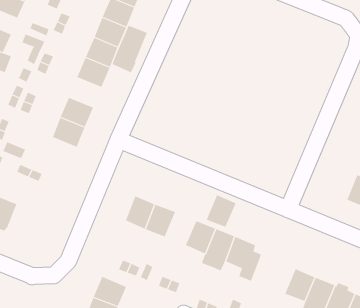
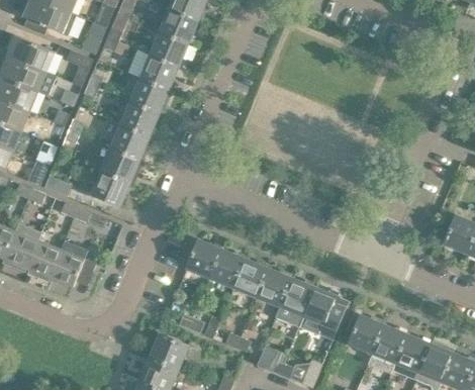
building: [112,25,147,73] -> none
building: none -> [120,101,159,136]
building: none -> [91,171,130,206]
building: [206,195,236,228] -> [232,258,268,296]
building: none -> [50,245,95,286]
building: none -> [348,314,383,353]

